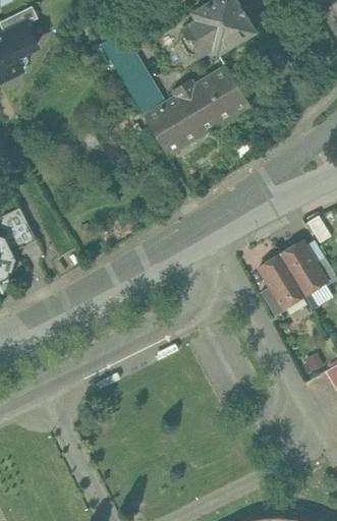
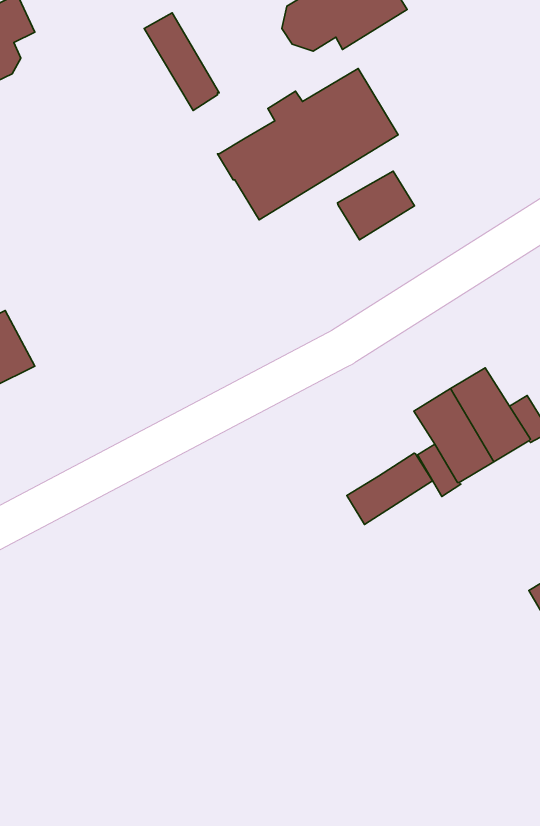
building: [129,79,160,115] -> none
building: none -> [337,171,415,240]
building: none -> [347,453,433,524]

